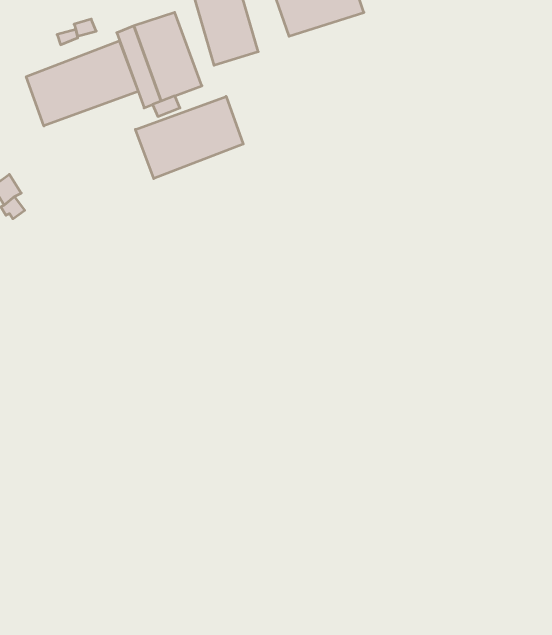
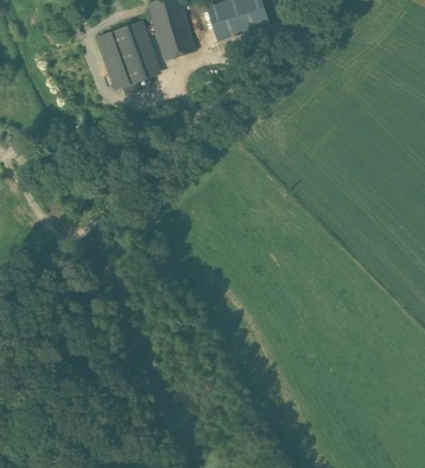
building: [26,41,138,126] -> none
building: [135,96,243,179] -> none

